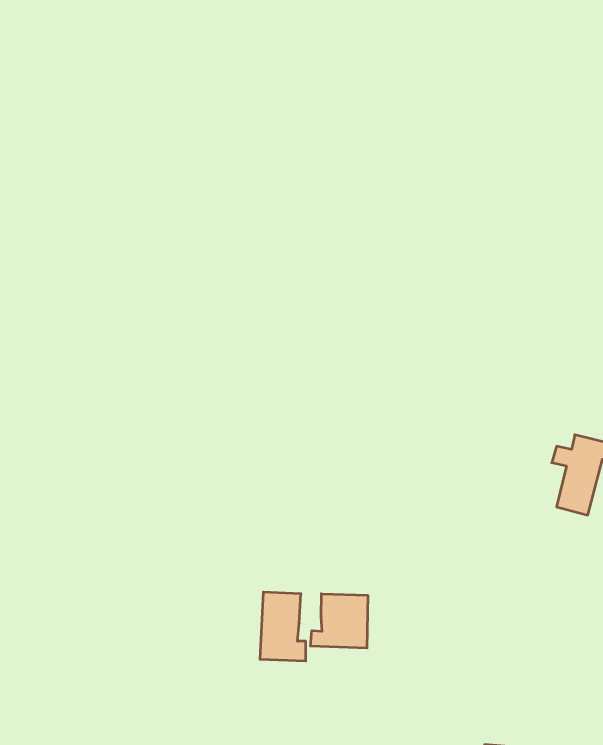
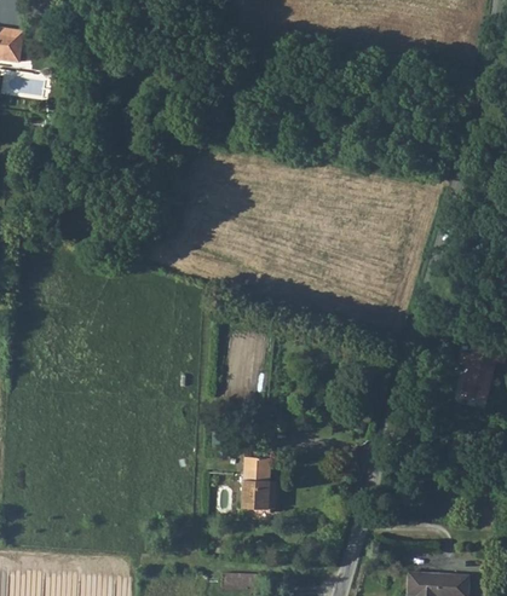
building: [311,594,368,648] -> none

